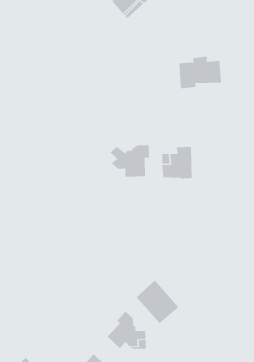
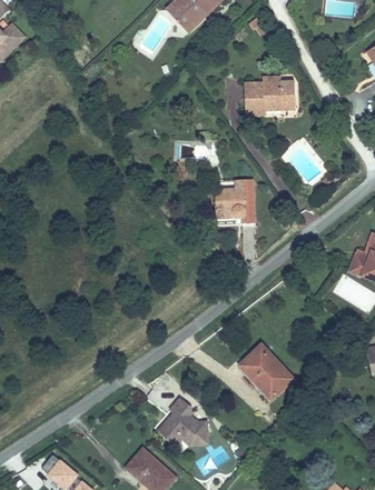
building: [109,145,149,177] -> none
building: [136,280,179,324] -> [237,343,292,399]

